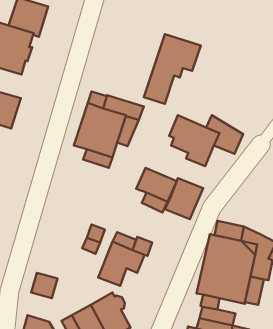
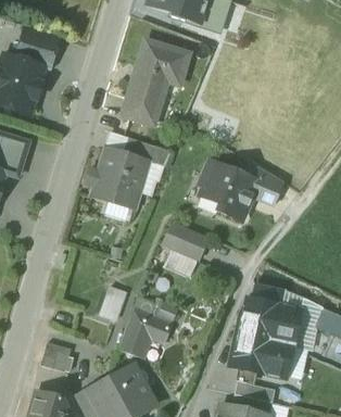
building: [144,34,201,104] -> [121,42,186,123]
building: [165,178,203,219] -> none

